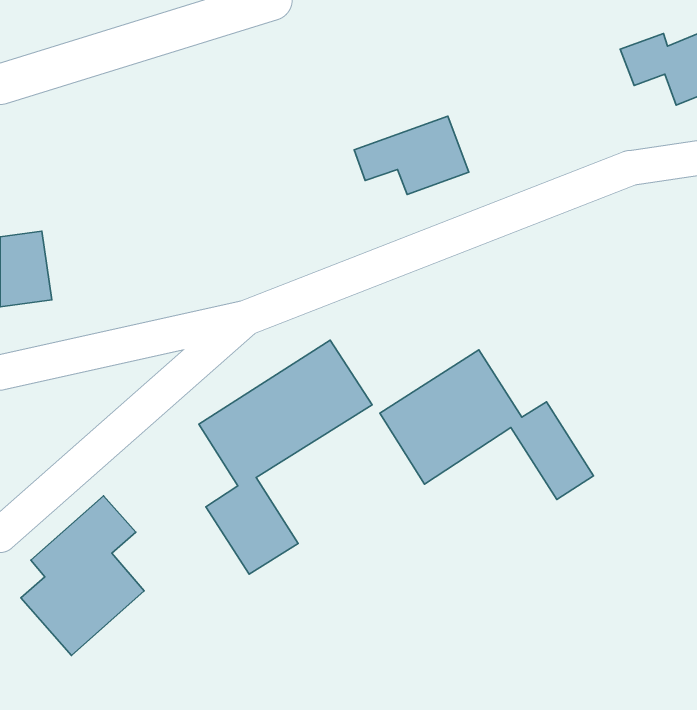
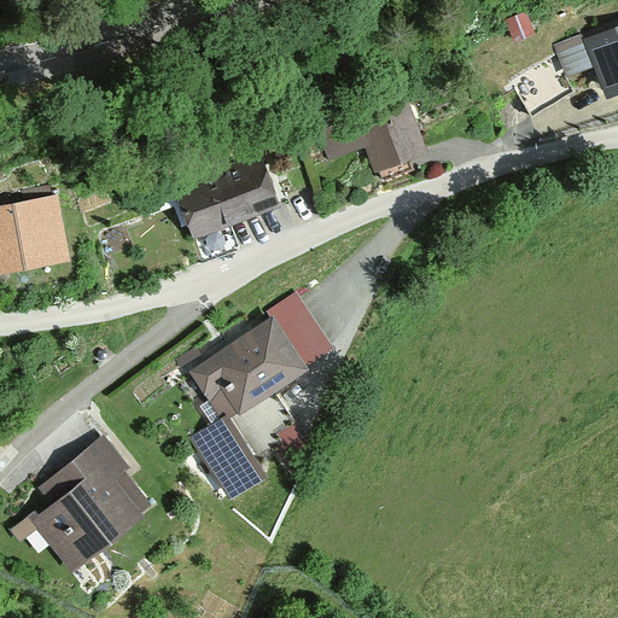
building: none -> [169,150,278,237]
building: [380,350,593,500] -> none

